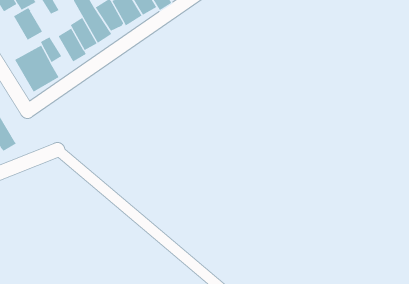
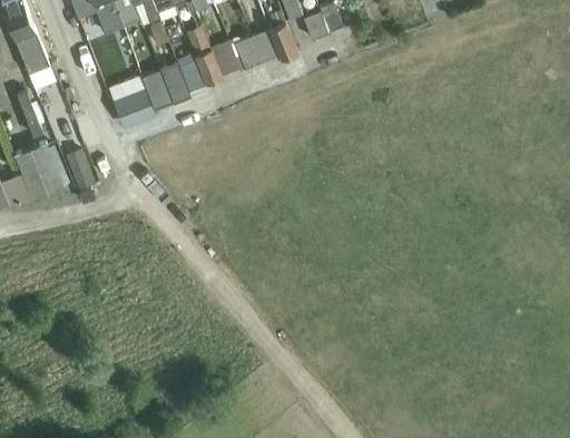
building: [13,7,43,40] -> none

